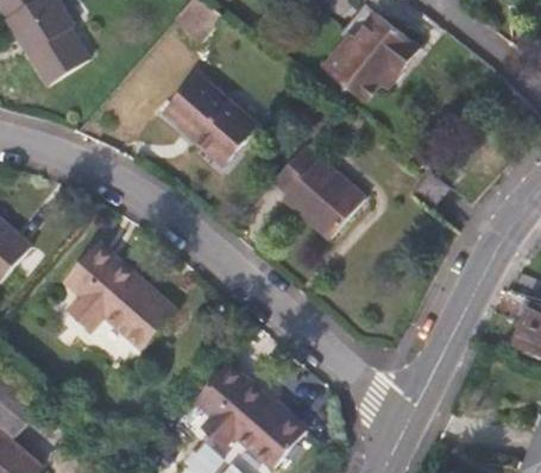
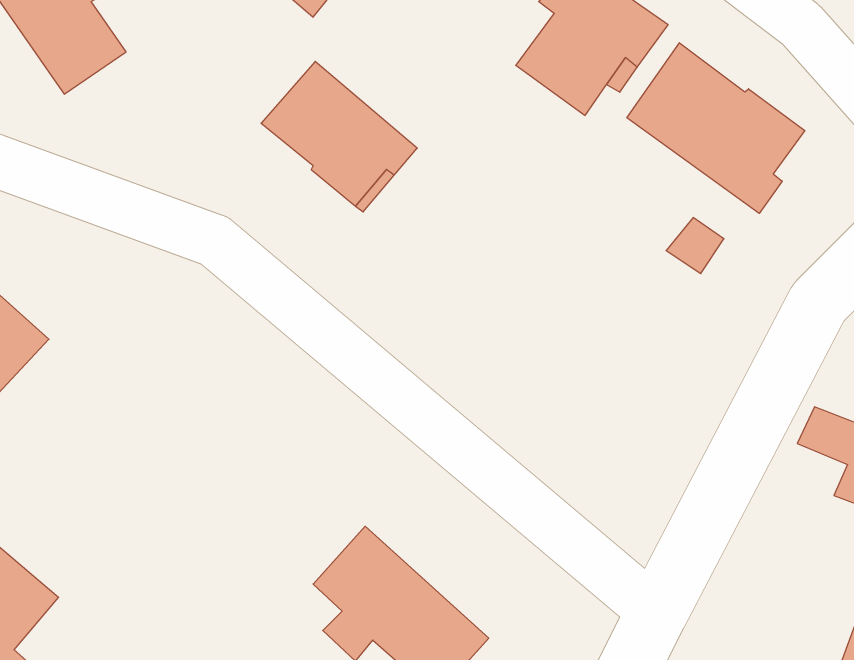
building: none -> [627,43,805,213]
building: [272,146,363,239] -> none
building: [67,241,178,347] -> none

